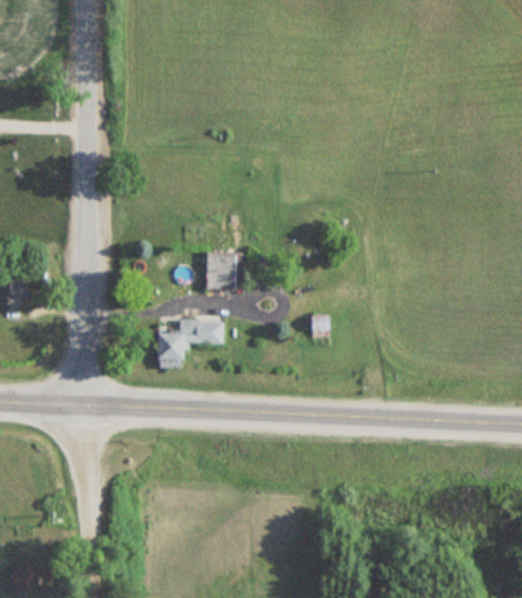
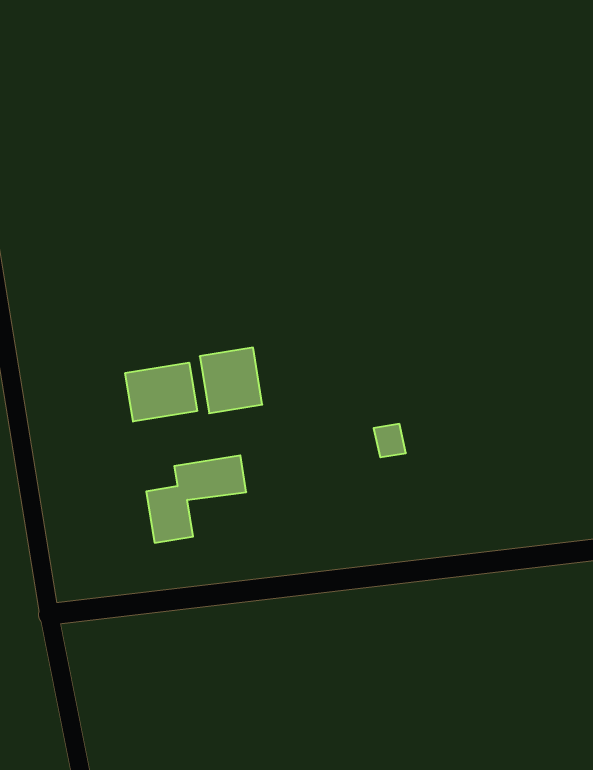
building: none -> [125,363,197,422]

